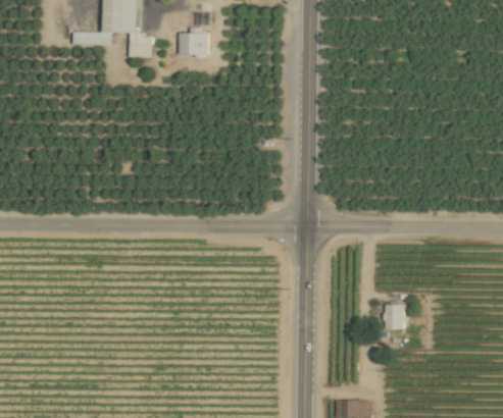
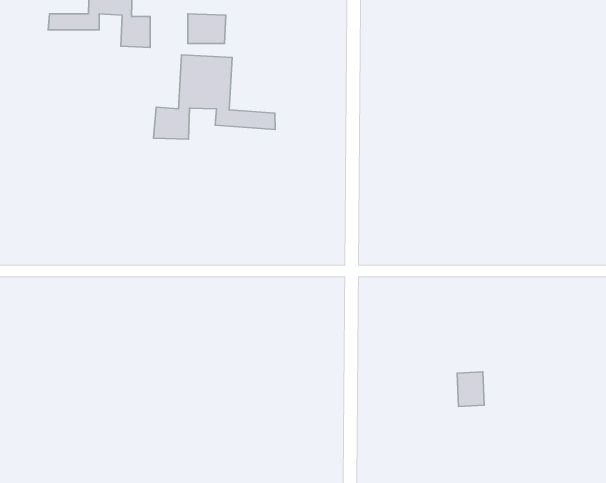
building: none -> [153,55,275,139]

